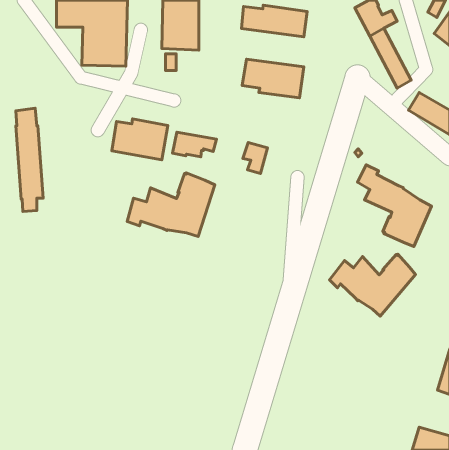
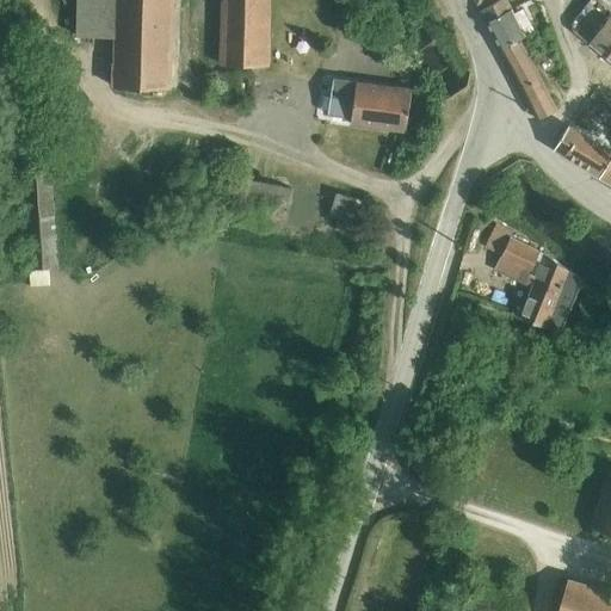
building: [241,5,307,37] -> none
building: [112,119,168,160] -> none
building: [127,173,215,236] -> none
building: [329,254,416,316] -> none

